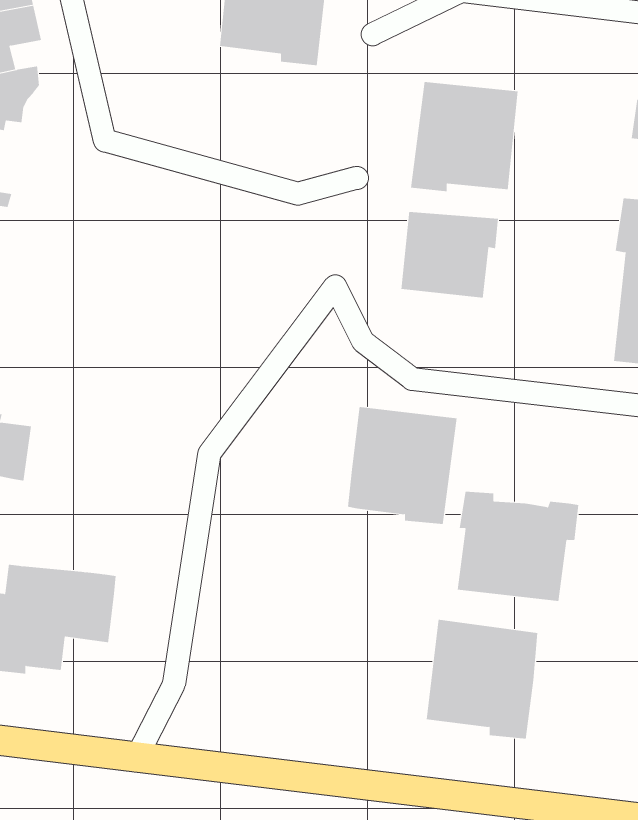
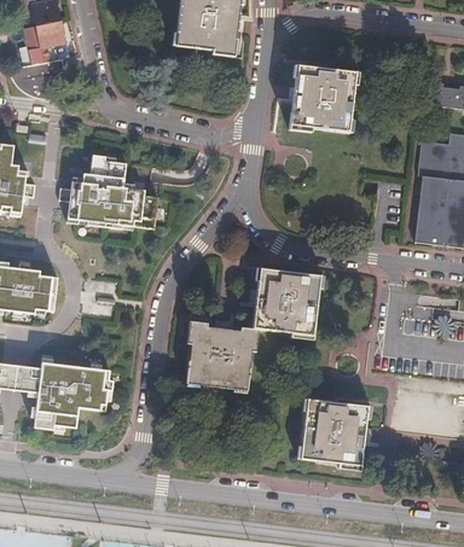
building: [401,211,499,298] -> none
building: none -> [59,155,158,228]
building: [457,491,579,602] -> [182,320,257,388]

